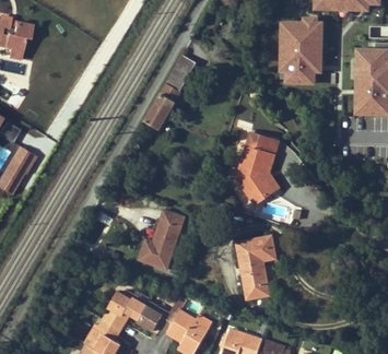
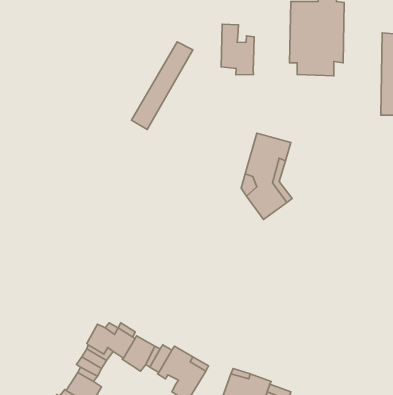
building: none -> [221,24,254,75]
building: [138,211,184,270] -> none
building: [237,236,274,299] -> none

